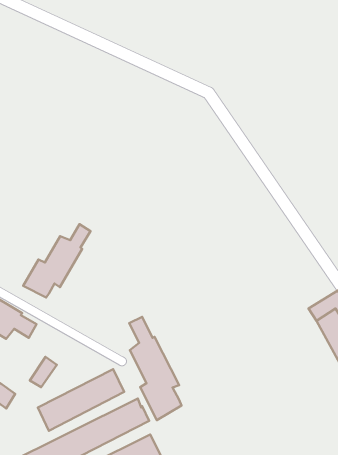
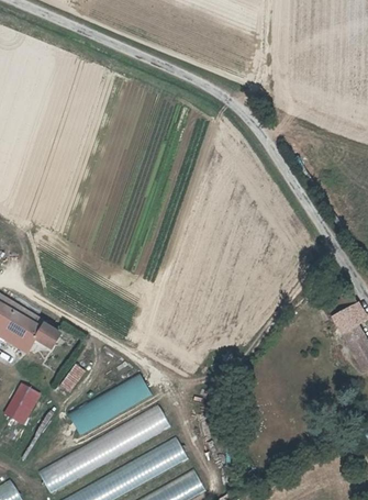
building: [23,224,91,298] -> none
building: [129,317,182,420] -> none

